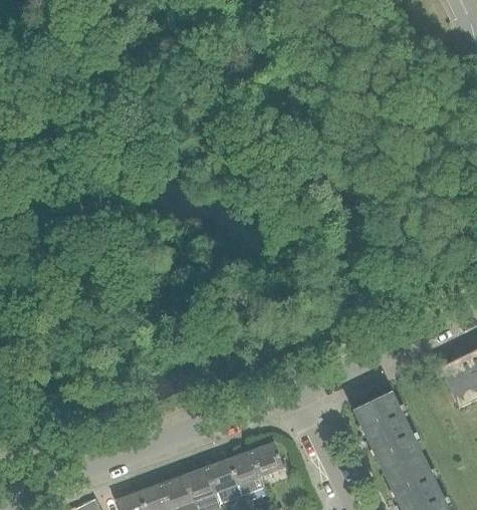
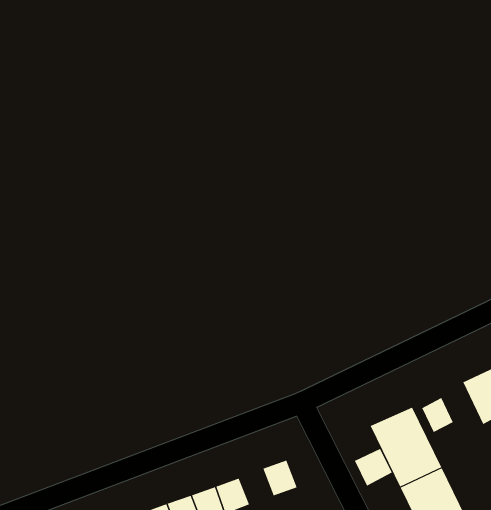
building: none -> [421,397,453,433]
building: none -> [354,448,393,487]
building: [229,451,261,485] -> none

